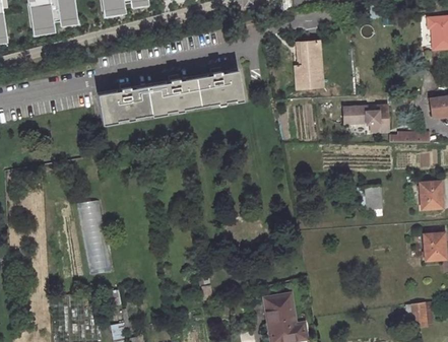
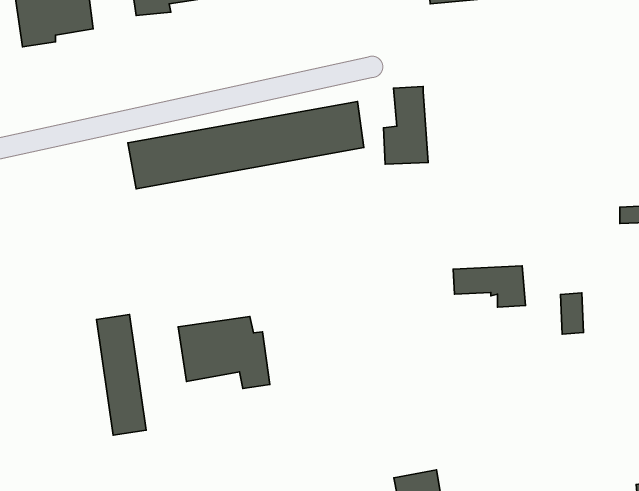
building: [293,41,320,88] -> [384,87,428,164]
building: [344,107,389,132] -> [453,266,526,307]
building: none -> [178,316,270,388]

